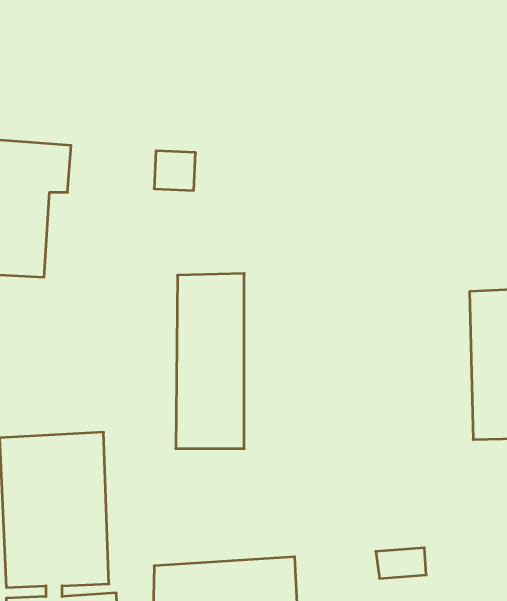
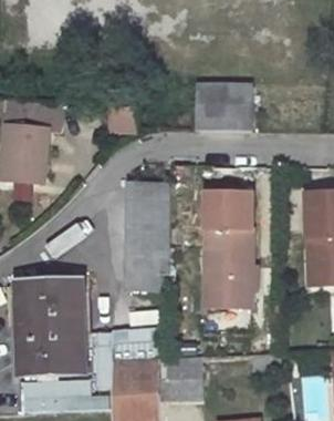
building: none -> [197,86,252,133]
building: none -> [205,191,253,333]

